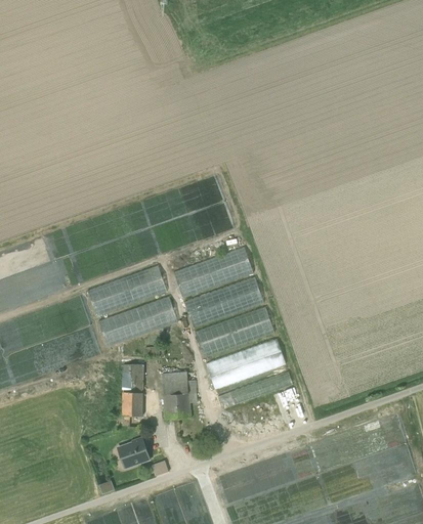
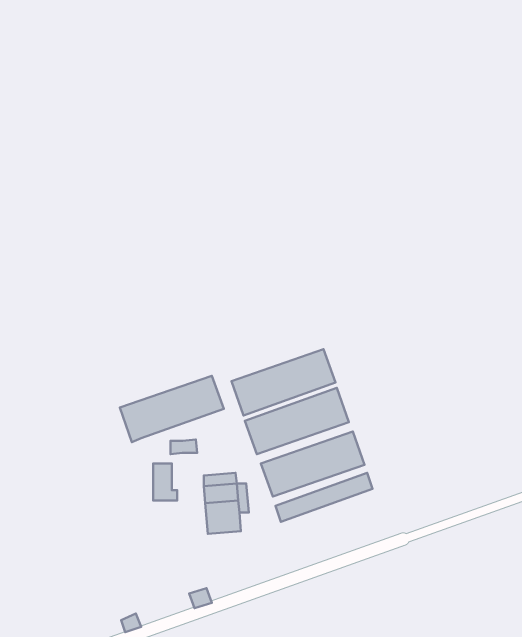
building: [172,246,253,297] -> none
building: [86,264,166,315] -> none
building: [123,392,141,414] -> none
building: [117,436,149,467] -> none

